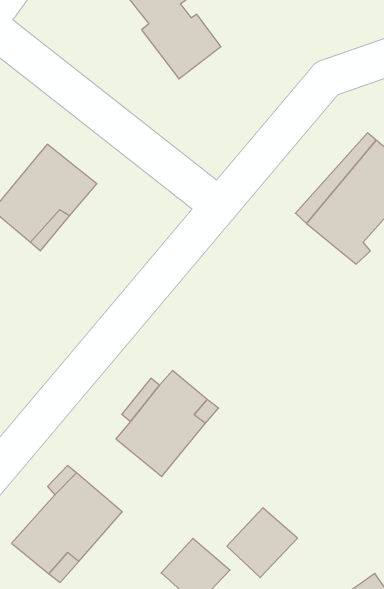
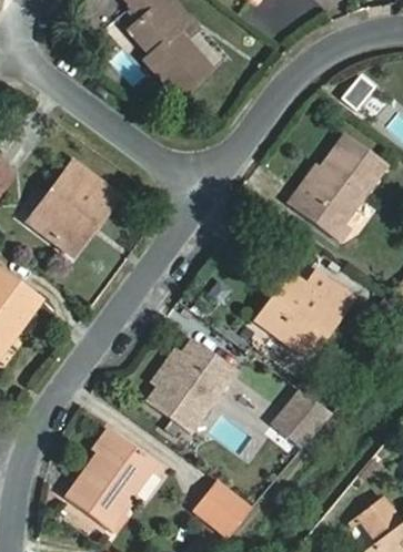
building: none -> [259,274,355,358]
building: [227,508,297,578] -> [272,390,331,449]

